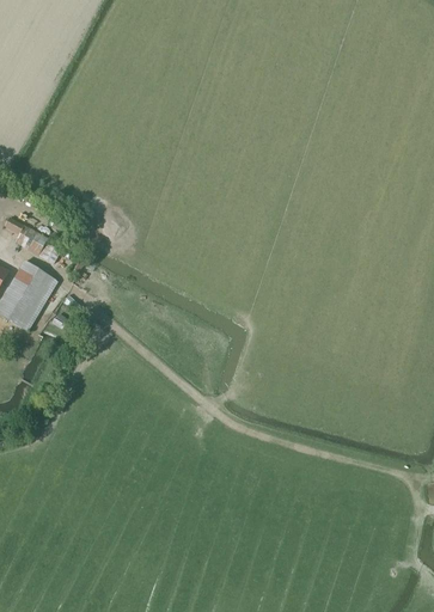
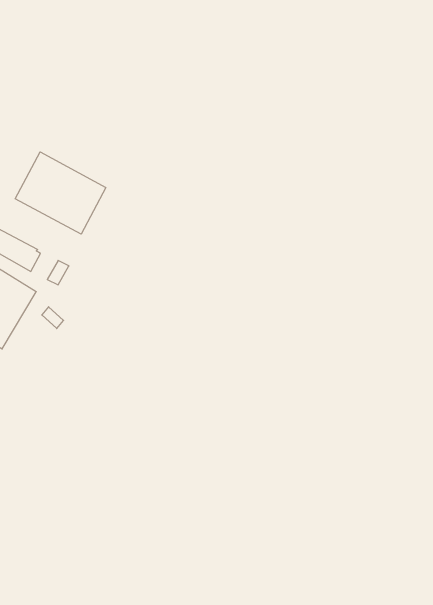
building: none -> [15,152,106,234]

